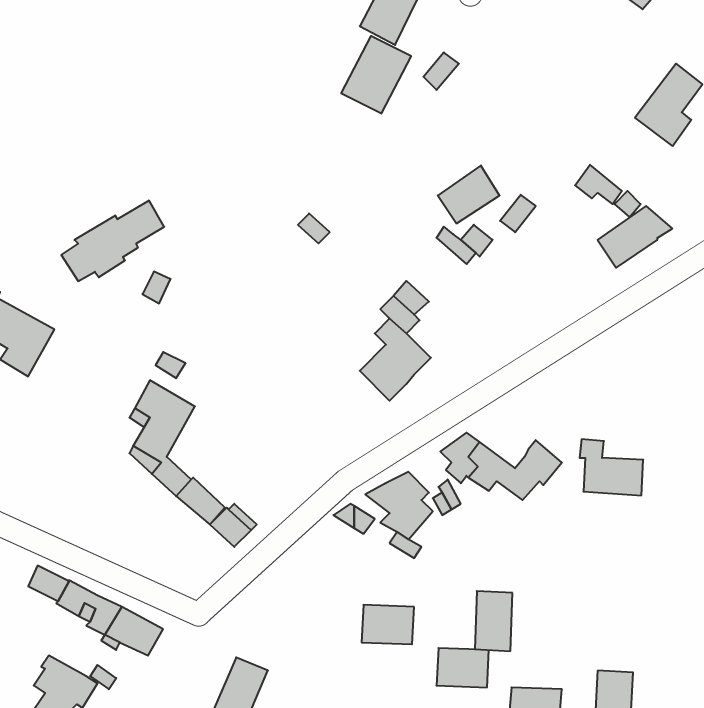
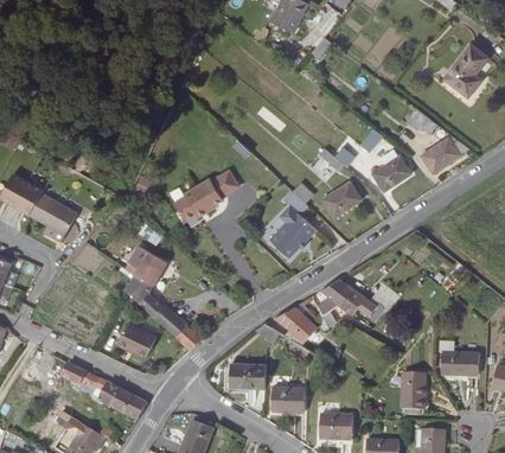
building: [341,36,411,114] -> none
building: [438,165,500,223] -> [371,154,410,191]
building: [61,201,164,281] -> [175,170,241,221]
building: none -> [322,180,360,216]
building: [580,439,643,495] -> [439,339,479,375]
building: none -> [116,323,155,357]
building: none -> [229,364,266,388]
building: [475,591,512,651] -> [401,371,424,409]

